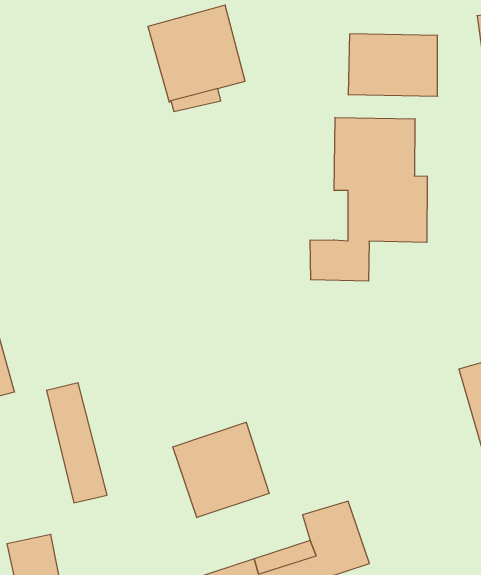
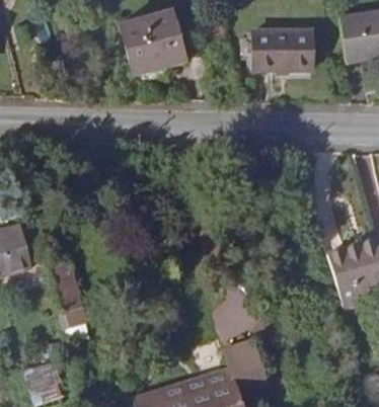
building: [310,117,427,281] -> none
building: [173,422,269,518] -> none

